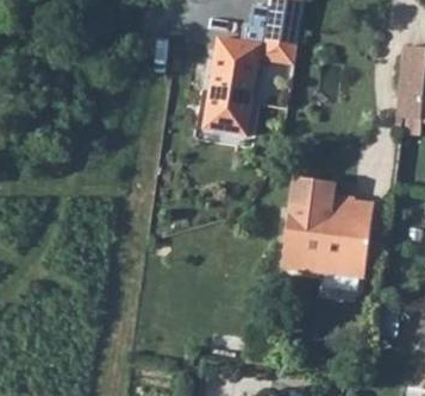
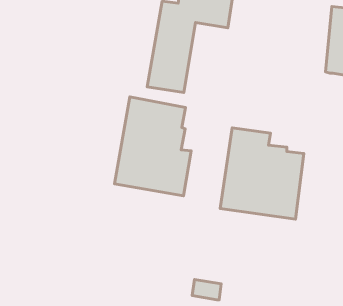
building: none -> [114,97,191,196]

